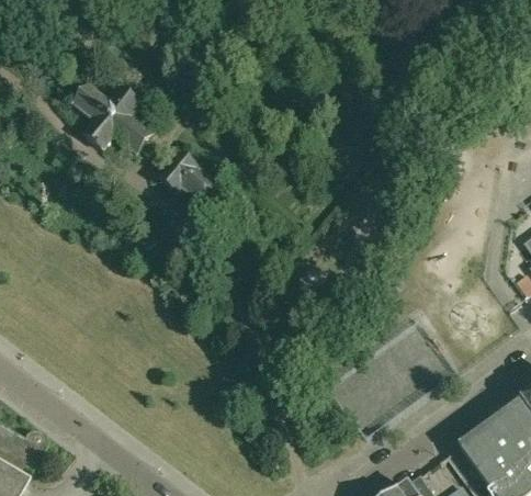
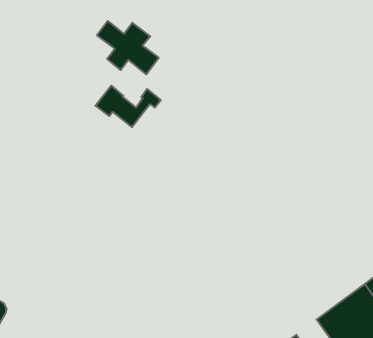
building: [74,84,154,154] -> [97,21,159,74]

